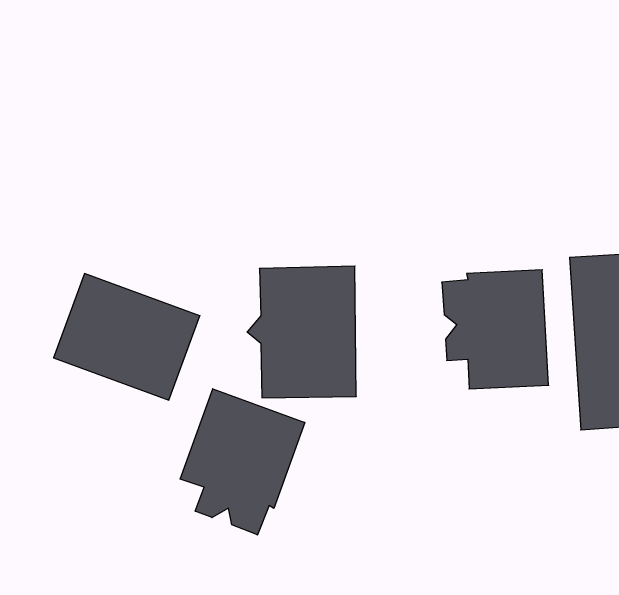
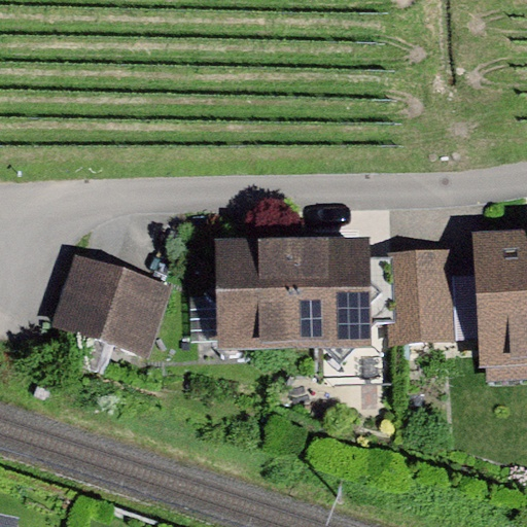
building: none -> [296,241,381,358]
building: [180,389,305,535] -> none

